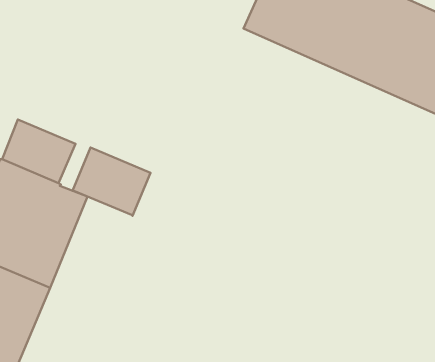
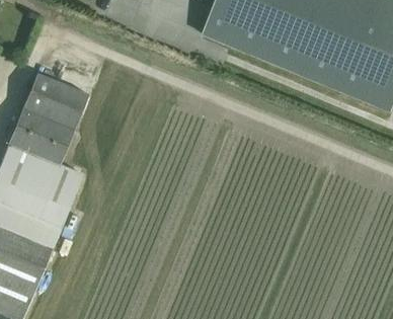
building: [73,147,151,216] -> [22,73,88,131]

